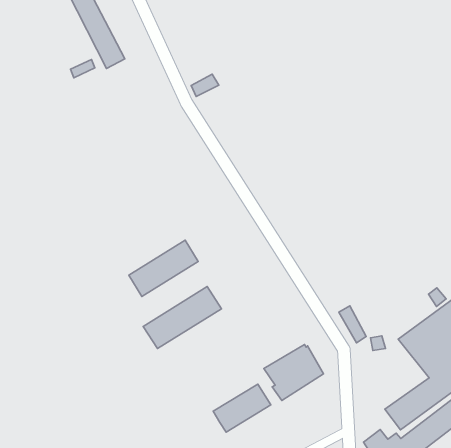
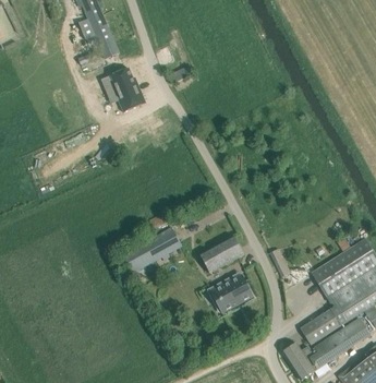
building: none -> [107,68,145,112]
building: [129,240,198,296] -> none
building: [213,384,271,432] -> [199,238,243,273]

